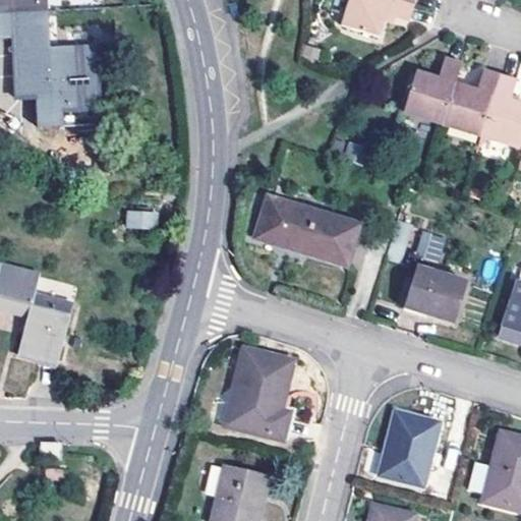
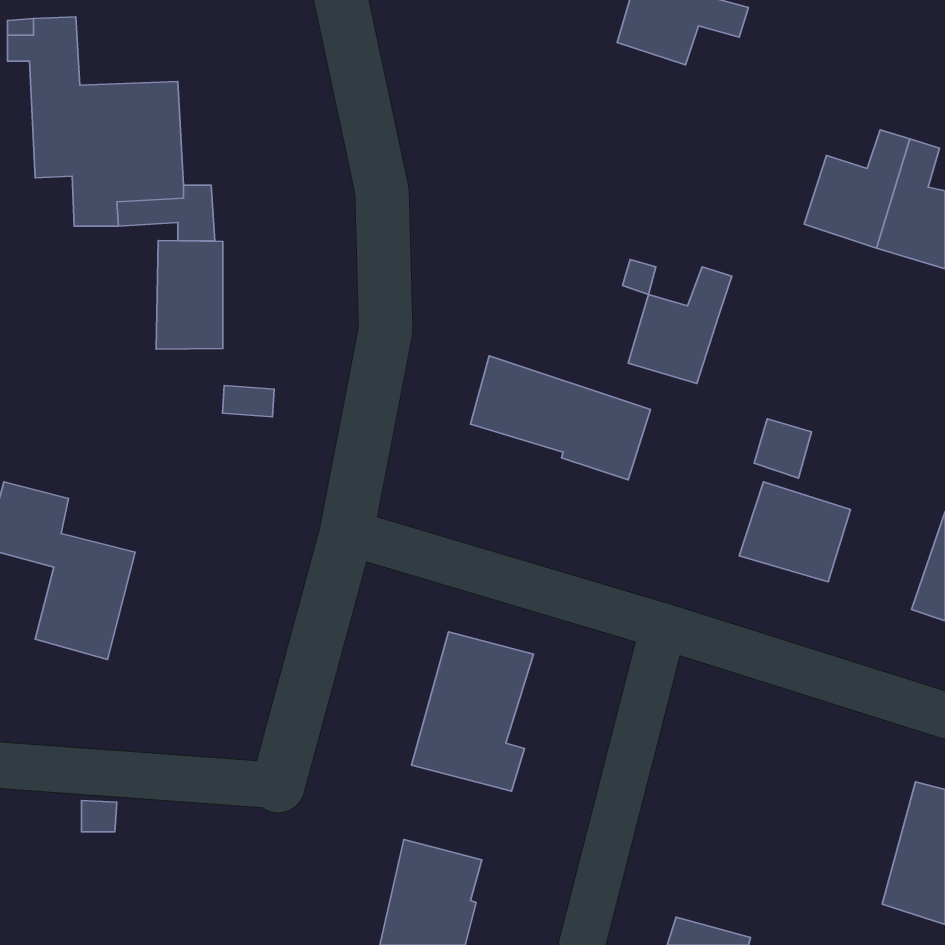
building: [404,59,461,123] -> [628,267,732,384]
building: none -> [156,241,223,349]
building: [379,410,438,483] -> none

